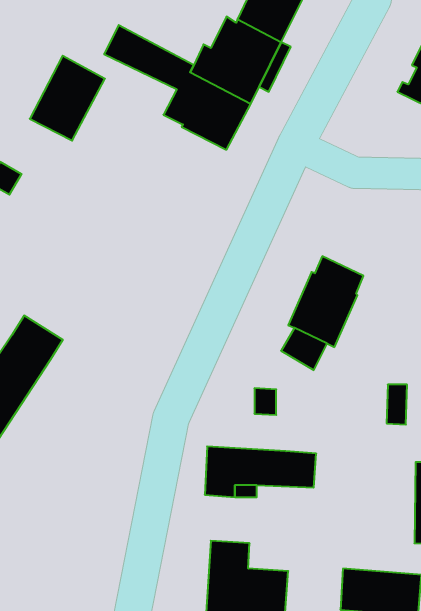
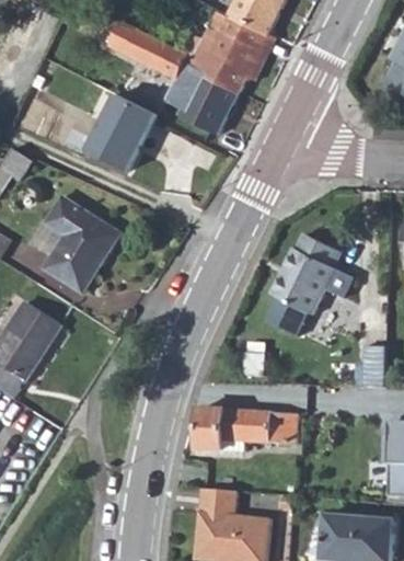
building: [30,56,105,141] -> [85,95,153,172]
building: none -> [45,196,124,290]

